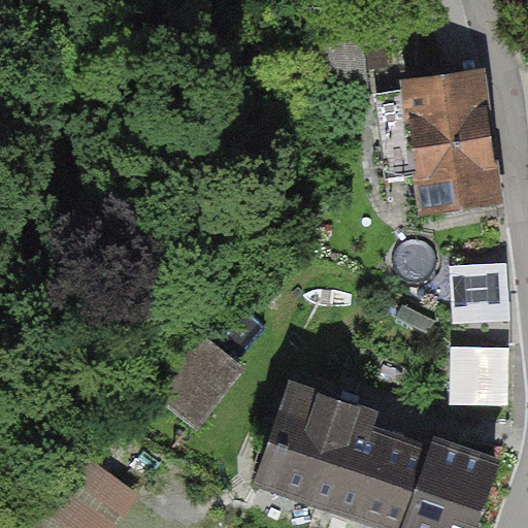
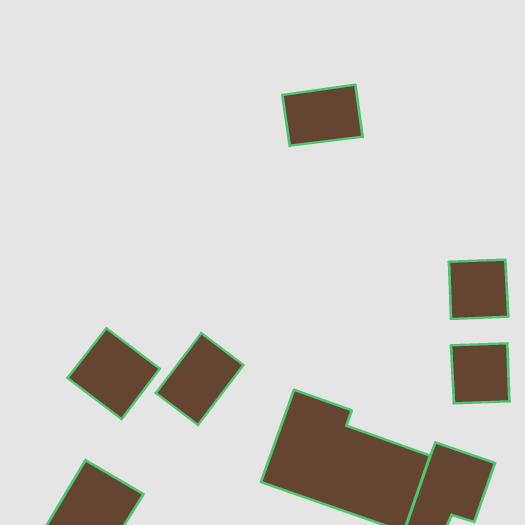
building: [405,66,492,216] -> none
building: none -> [283,85,363,146]
building: none -> [67,328,160,419]

